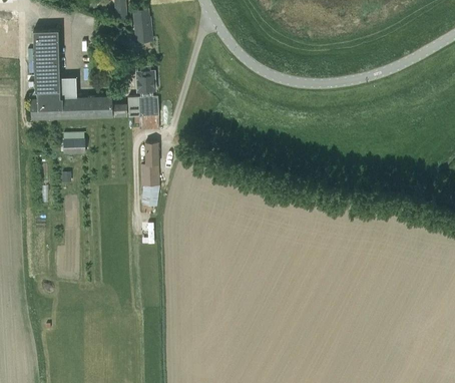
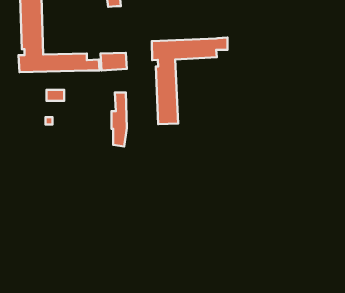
building: [137,66,155,91] -> none
building: none -> [152,38,227,124]

